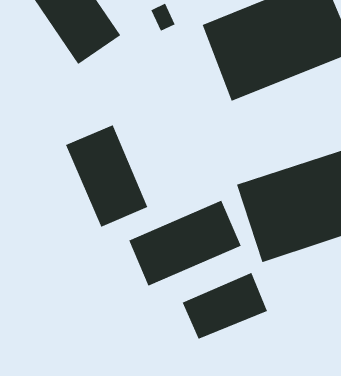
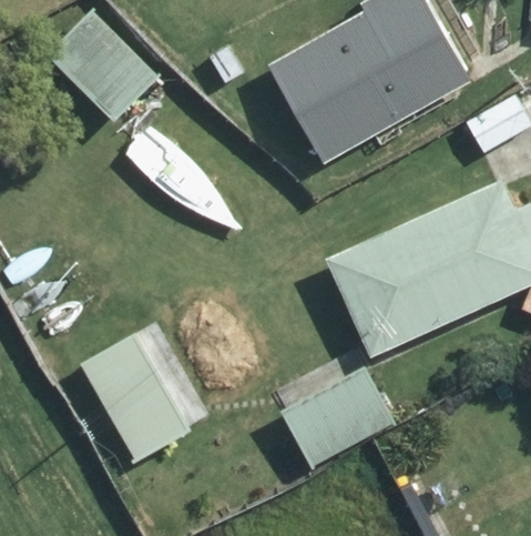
building: [65,124,148,228] -> [81,330,194,461]
building: [128,200,241,287] -> none

